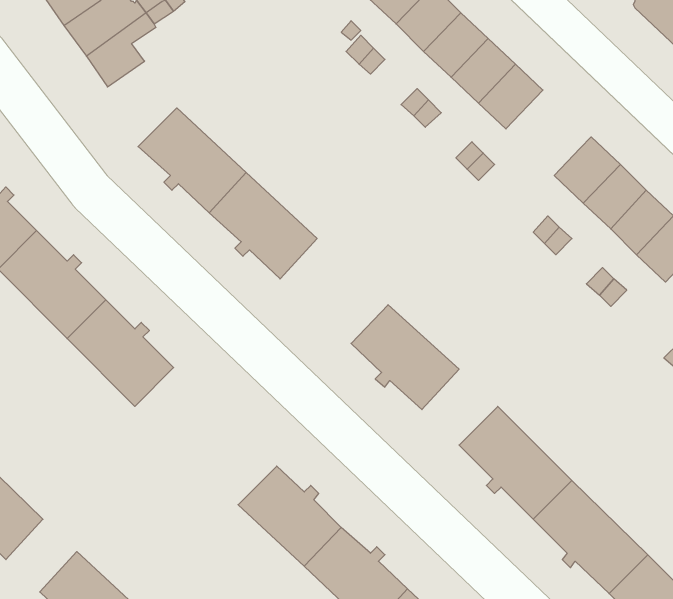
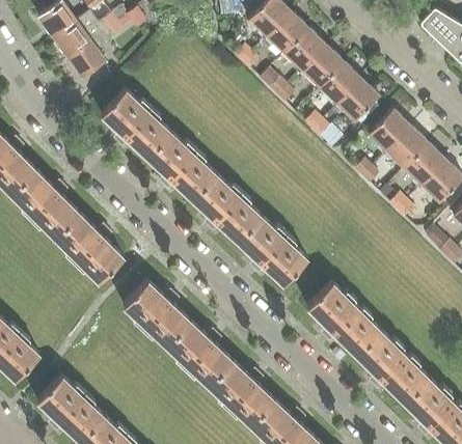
building: none -> [336,79,378,121]
building: none -> [191,174,261,242]
building: none -> [123,280,189,345]

